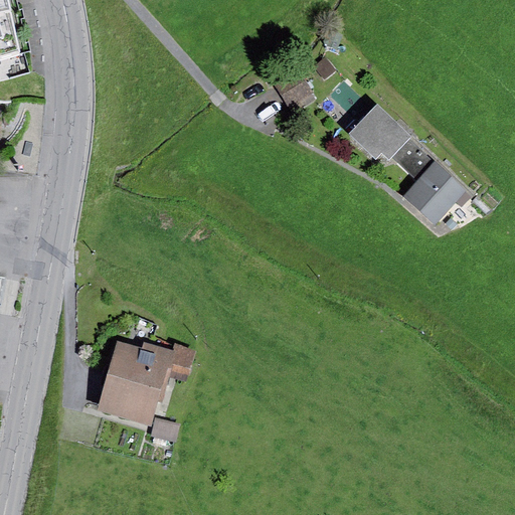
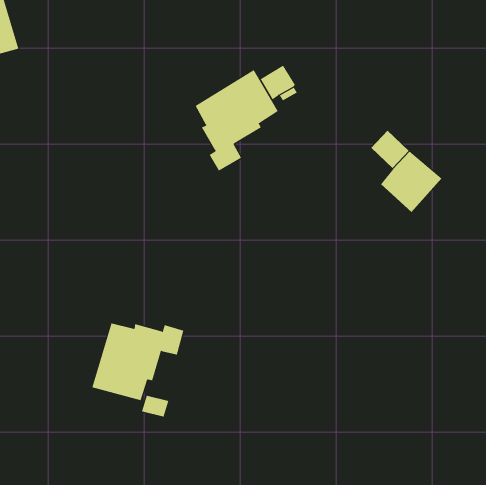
building: none -> [195,69,278,171]
building: [348,104,409,165] -> none

